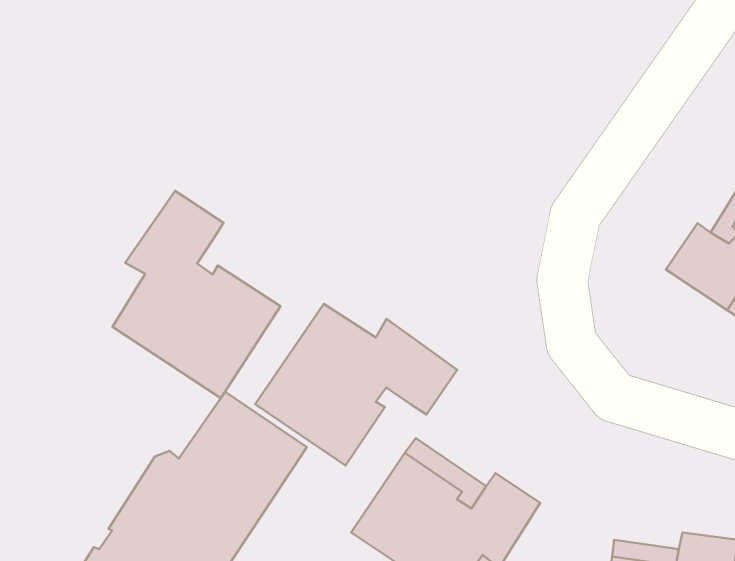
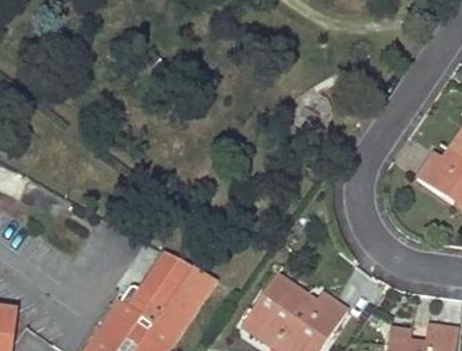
building: [112,191,281,398] -> none
building: [255,304,457,466] -> none

